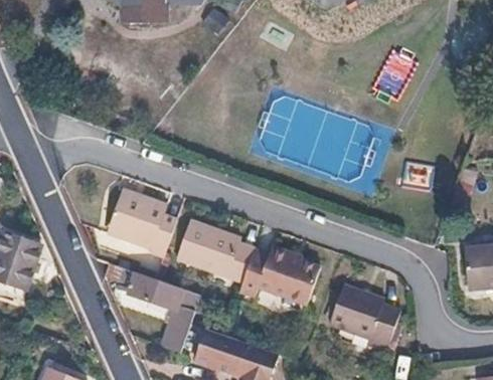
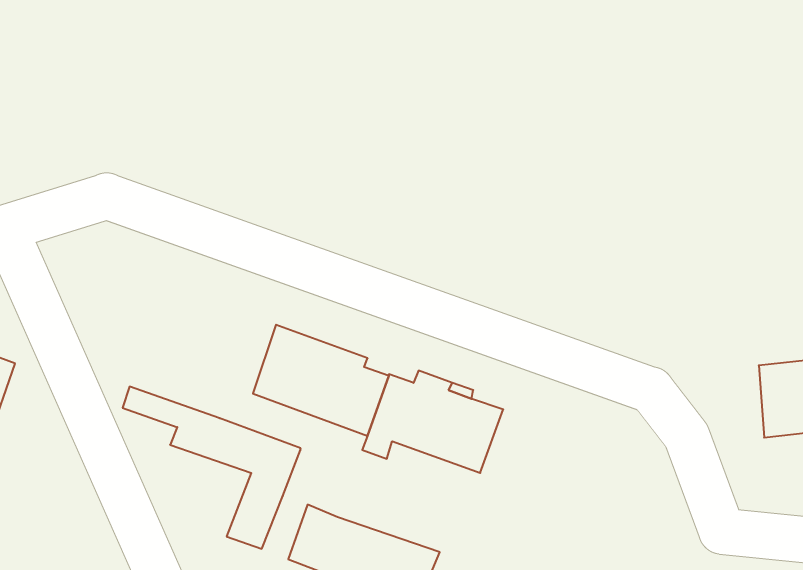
building: [104,191,175,259] -> none
building: [326,286,396,351] -> none

